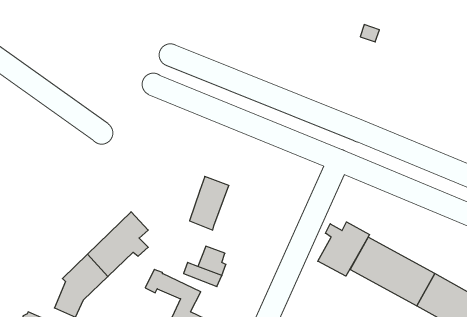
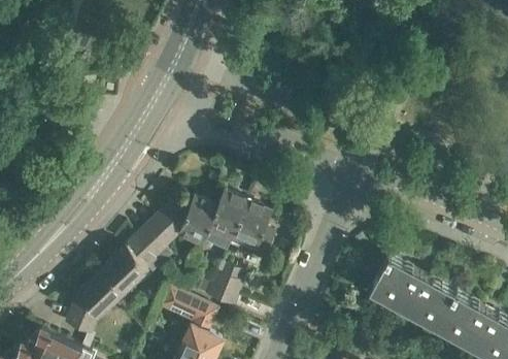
building: none -> [143,200,213,266]
building: none -> [228,203,273,254]
building: [318,222,370,276] -> none

